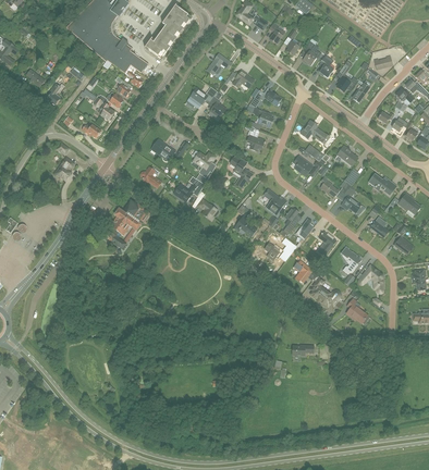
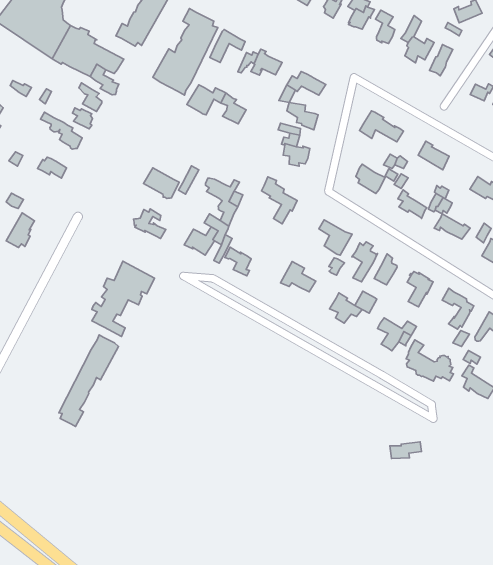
building: none -> [153,8,218,95]
building: none -> [59,335,119,427]

